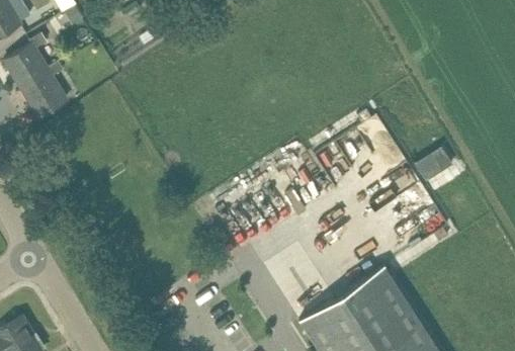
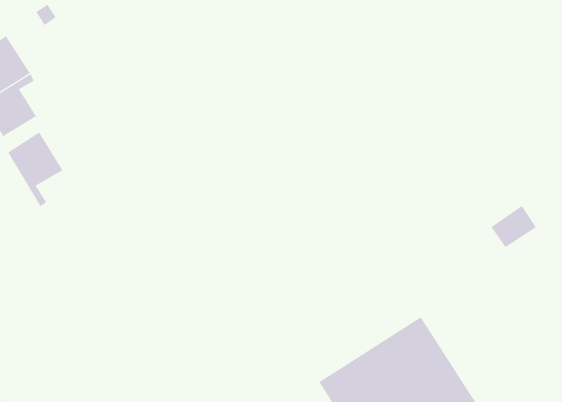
building: none -> [7,131,63,207]
building: [414,147,452,182] -> [490,205,537,248]

